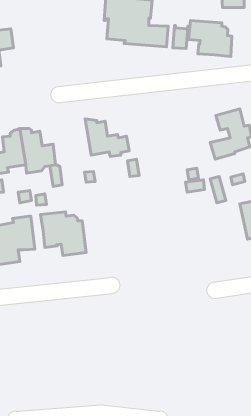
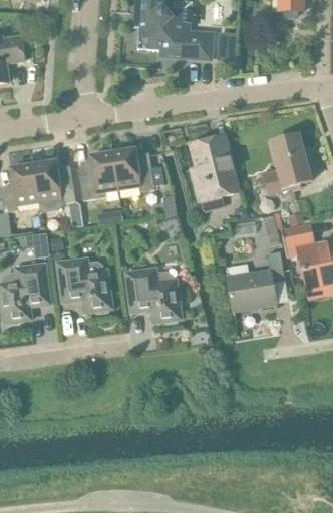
building: [189,20,232,56] -> none
building: none -> [191,135,239,201]
building: none -> [79,145,118,200]
building: none -> [281,225,307,259]
building: none -> [226,251,285,314]
building: none -> [126,269,182,322]

